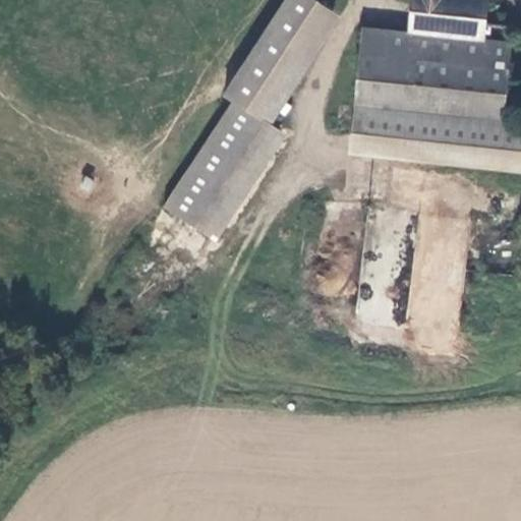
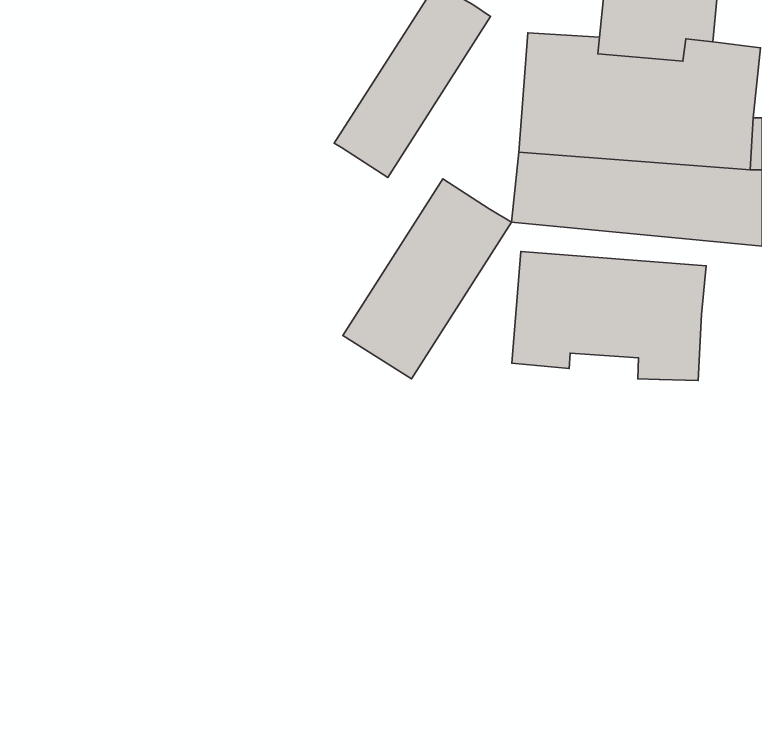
building: [165,101,280,237] -> [343,179,511,379]
building: none -> [512,252,706,380]

